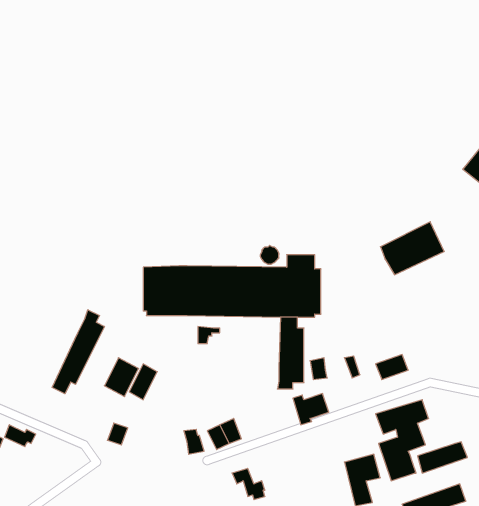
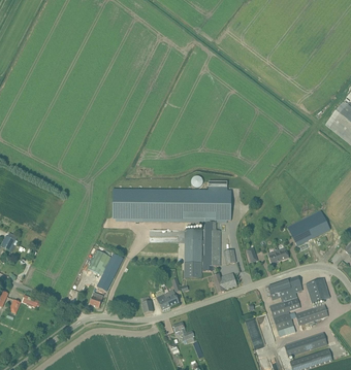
building: [380,222,444,275] -> [288,209,330,244]
building: [52,310,104,394] -> none
building: none -> [185,229,201,277]
building: none -> [306,277,329,302]

